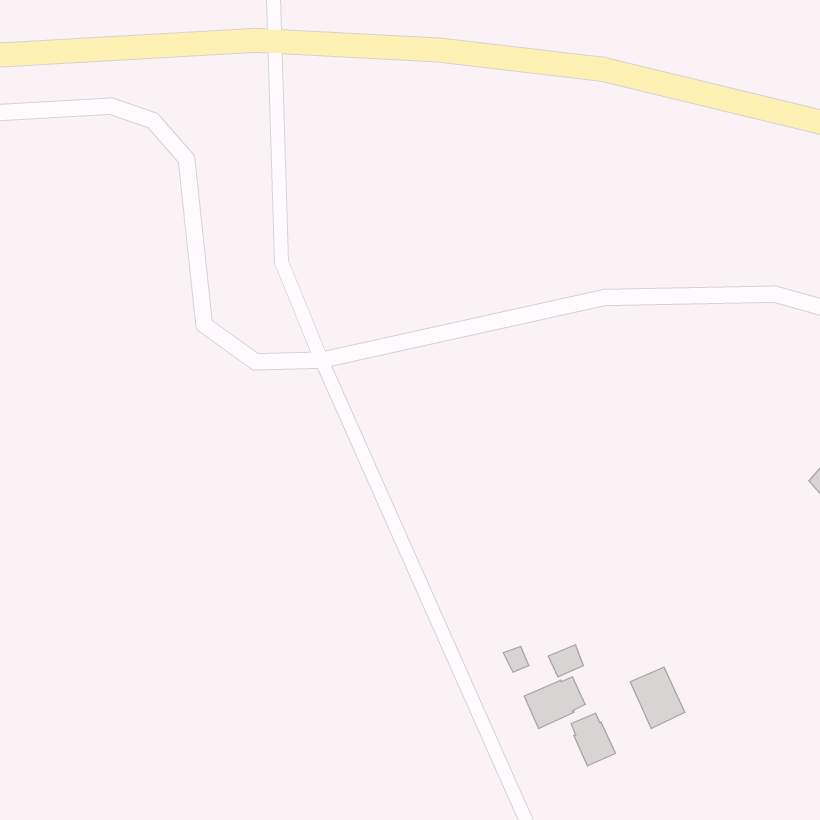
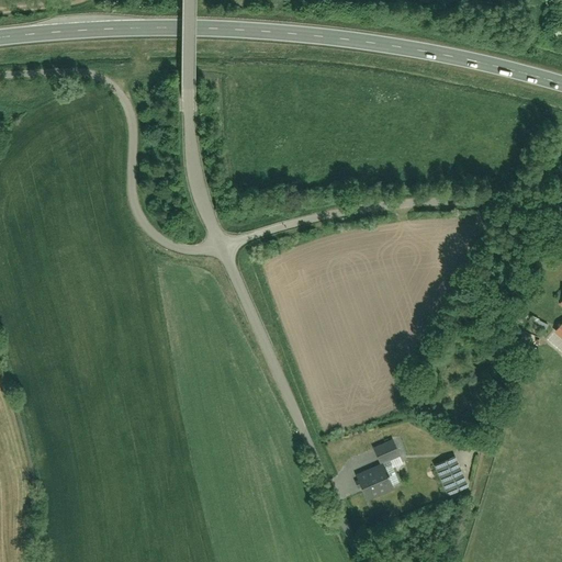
building: [571,713,616,766] -> none

